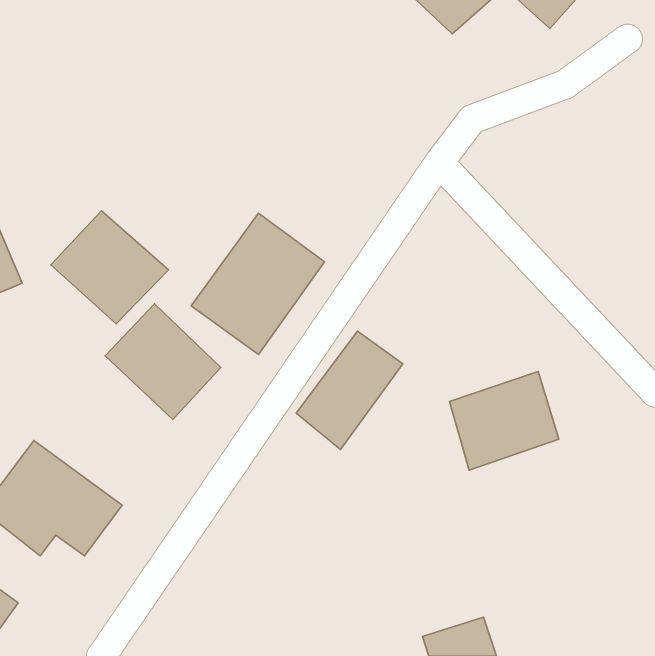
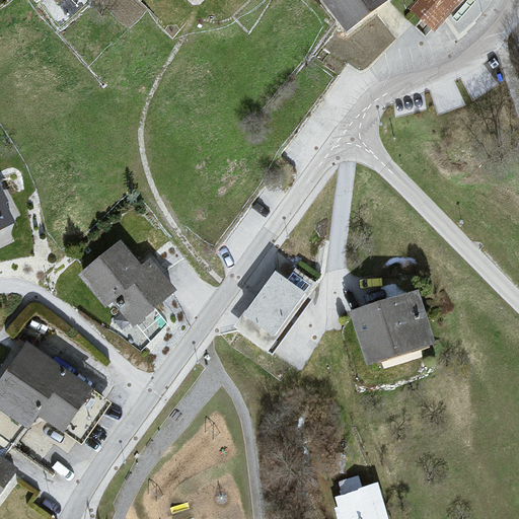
building: [51,211,168,324] -> none
building: [191,213,325,355] -> none

